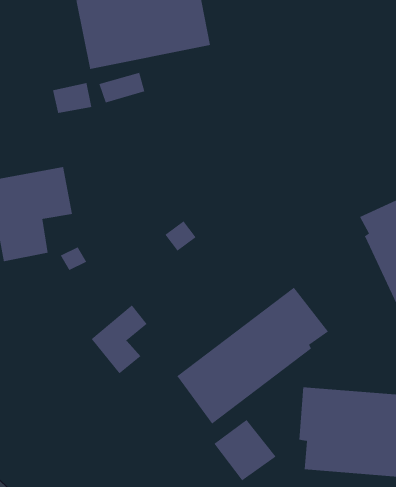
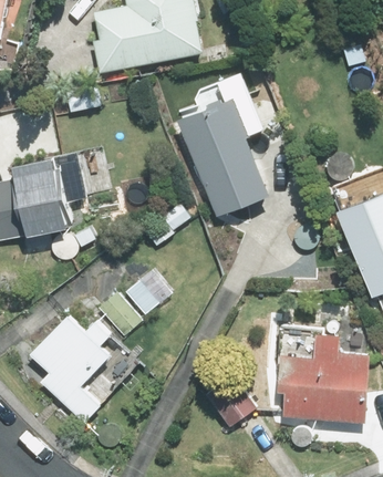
building: none -> [176,98,266,215]
building: [176,287,329,424] -> none
building: none -> [30,318,108,421]

